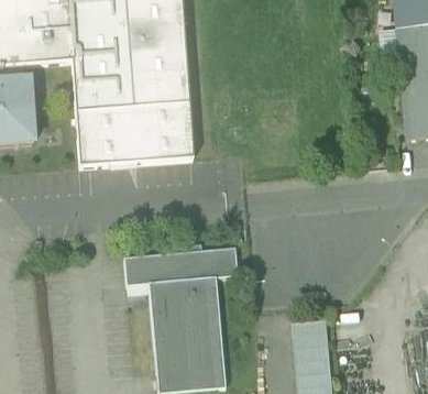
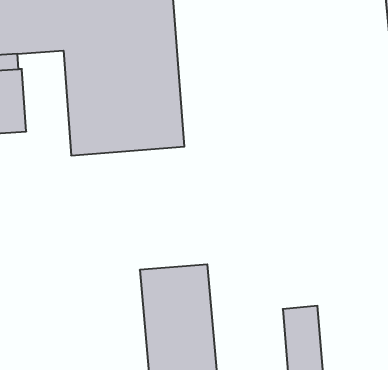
building: [123,245,238,284] -> none

